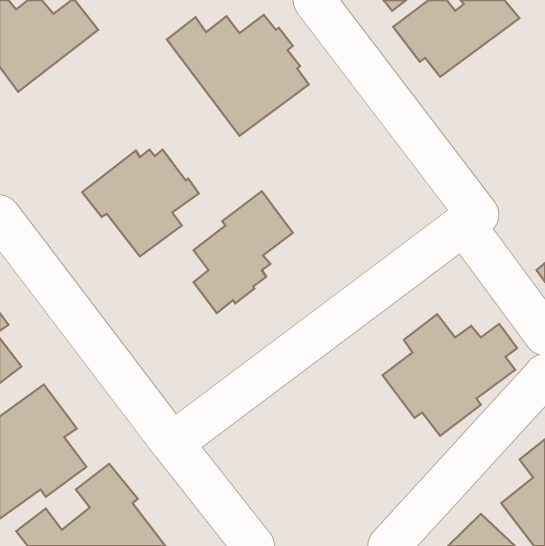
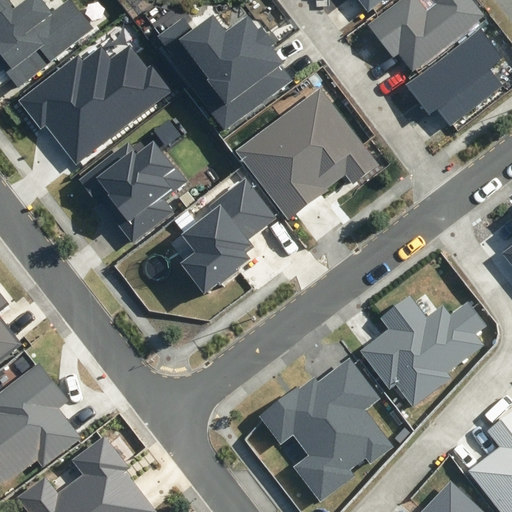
building: none -> [405,28,504,125]
building: none -> [18,44,172,165]
building: none -> [234,86,380,221]
building: none -> [258,360,393,503]

